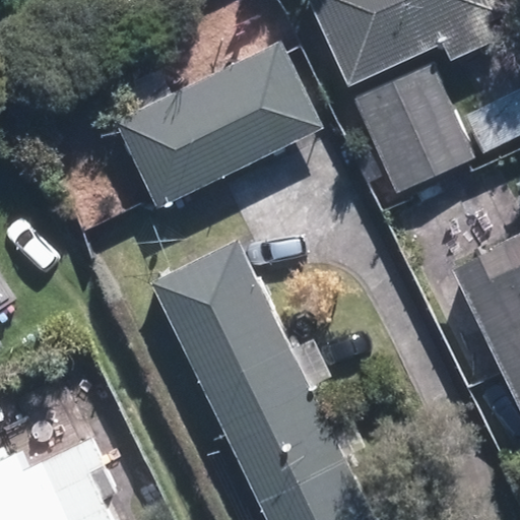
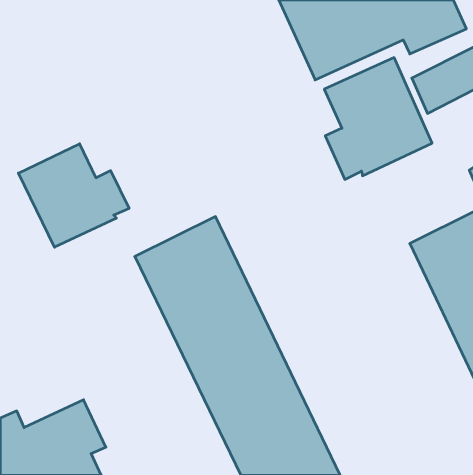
building: [115,40,324,210] -> none
building: none -> [18,144,129,247]

